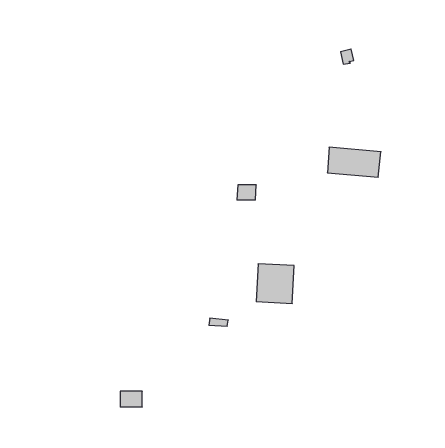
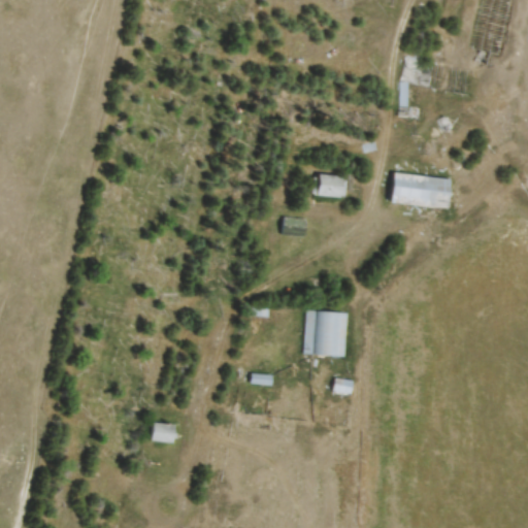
building: none -> [315,175,346,196]
building: [120,391,142,407] -> [148,423,174,441]

